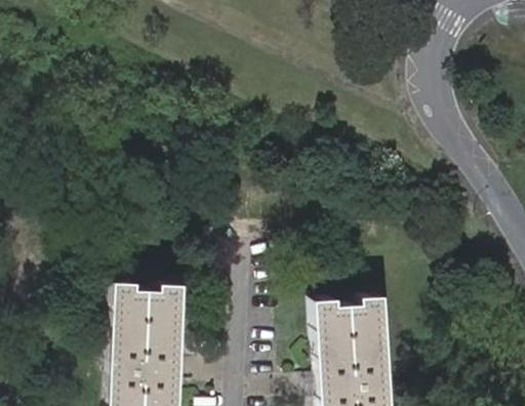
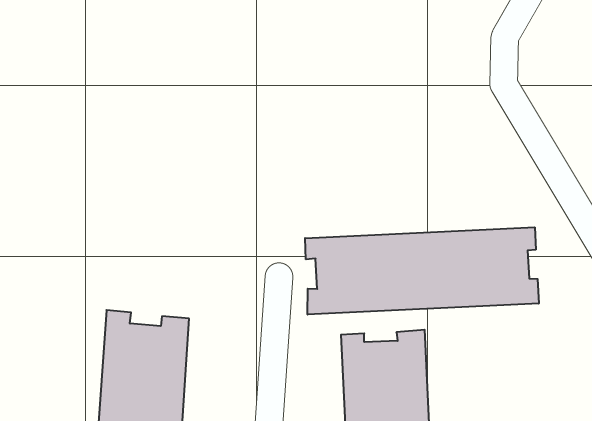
building: none -> [305,227,539,315]

